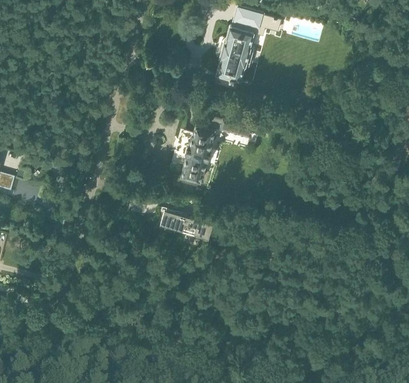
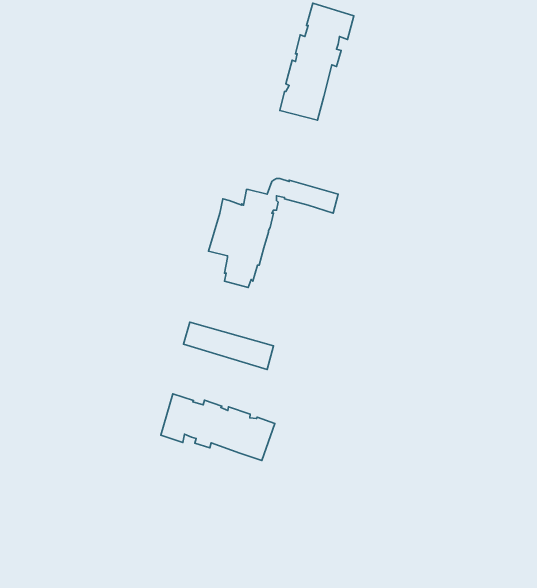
building: none -> [161,394,275,460]

